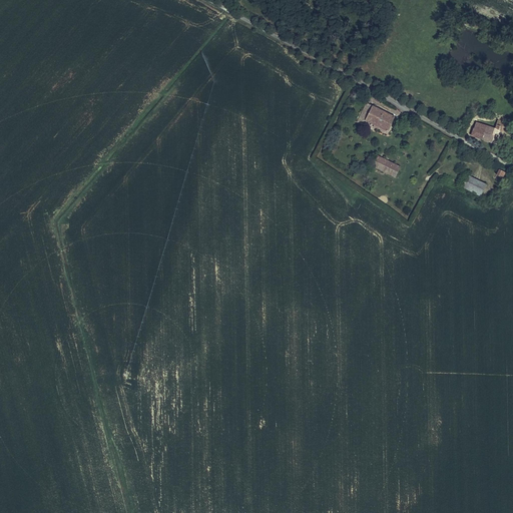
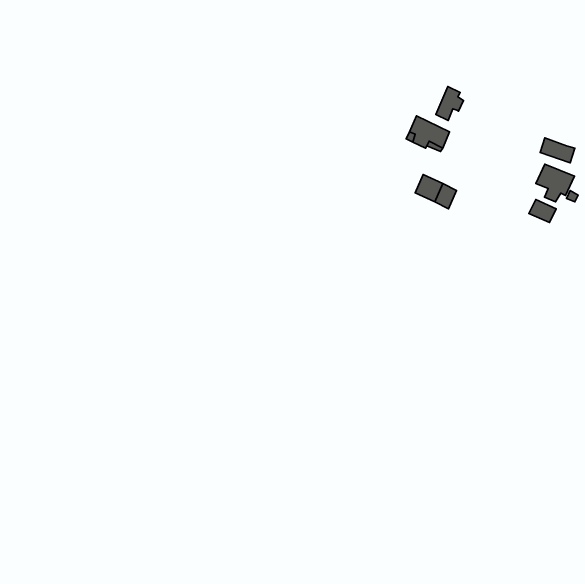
building: none -> [436,86,463,121]
building: none -> [536,164,574,202]

